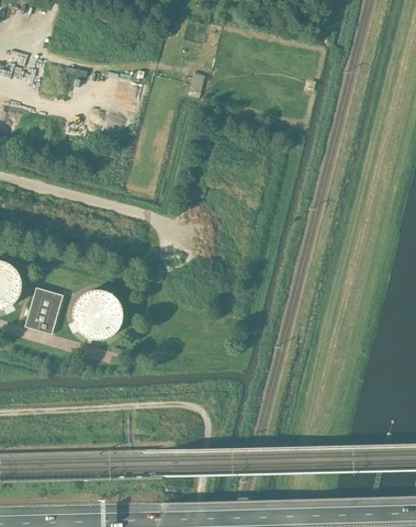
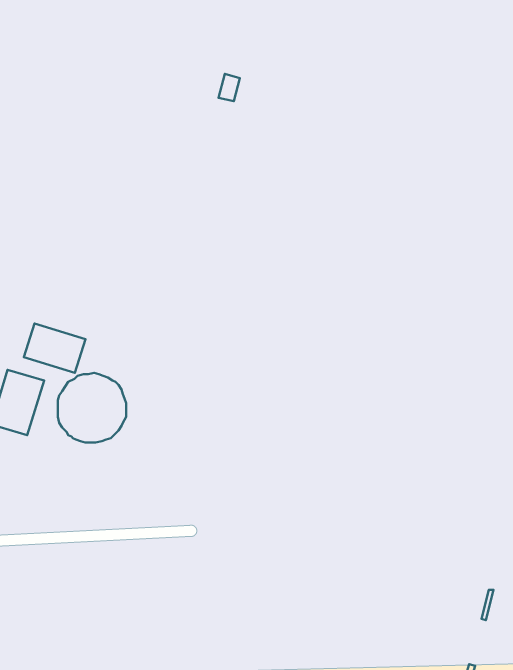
building: none -> [24,323,86,373]

